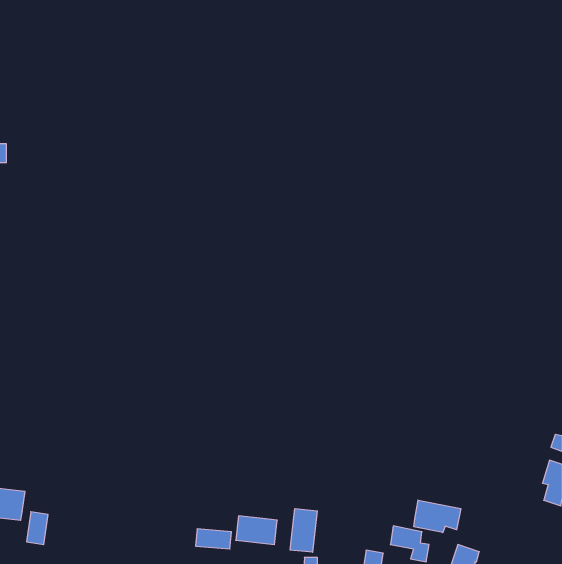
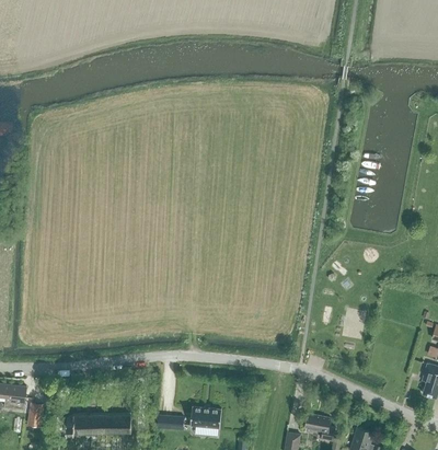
building: [414,500,461,533] -> none
building: [290,509,317,552] -> none
building: none -> [67,415,130,435]

